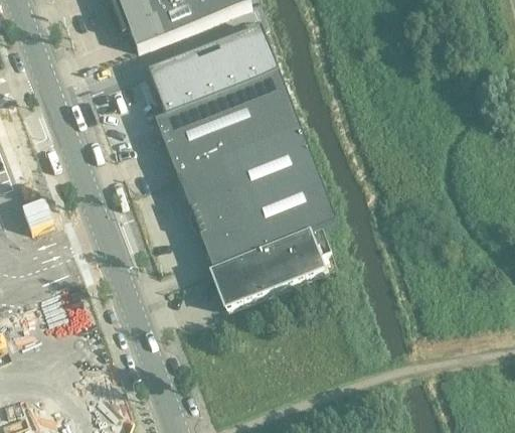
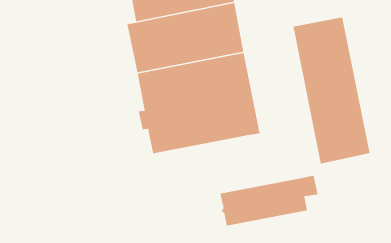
building: none -> [293,16,370,165]
building: [212,226,330,305] -> [219,175,318,226]

